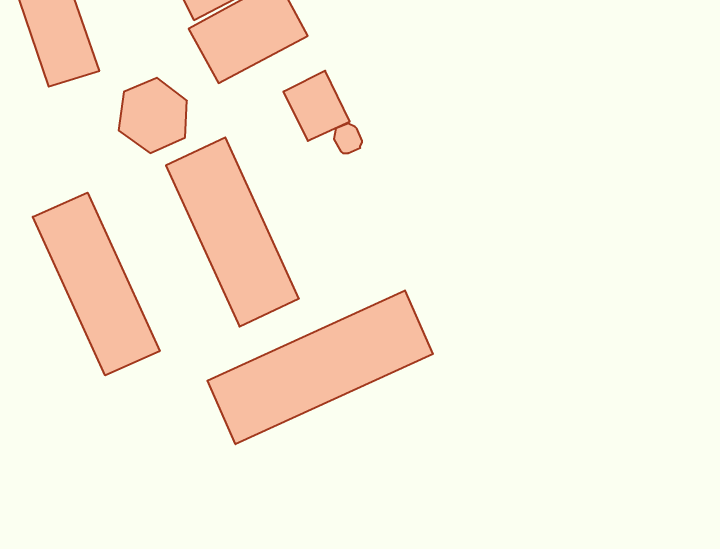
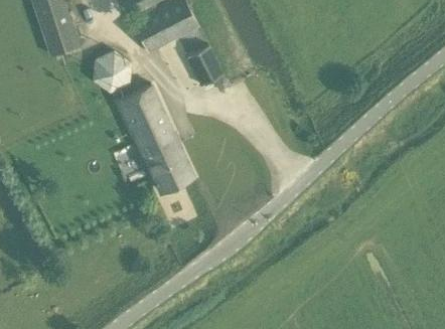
building: [33,193,160,375] -> none
building: [207,290,433,444] -> none

